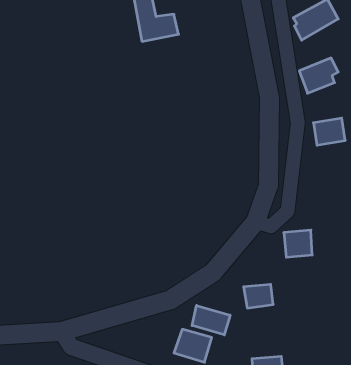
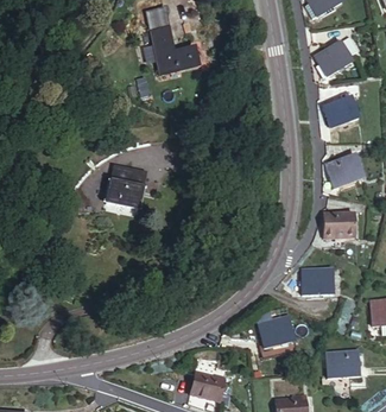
building: none -> [105,171,146,214]
building: none -> [324,214,356,237]
building: [192,305,230,335] -> none
building: none -> [324,347,354,374]

